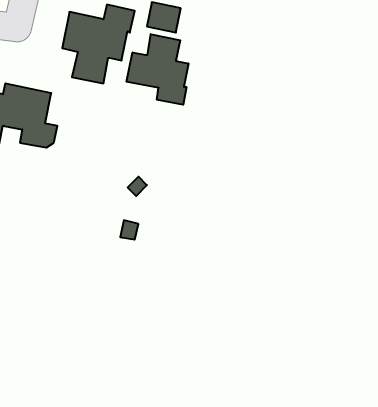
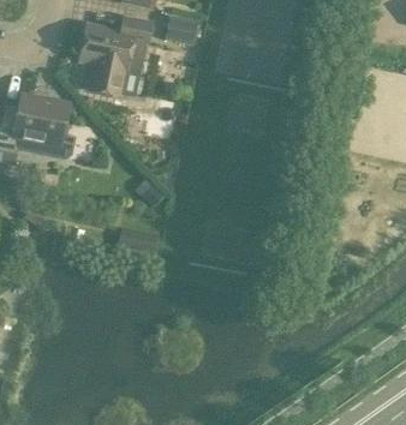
building: [127,34,188,105] -> none

